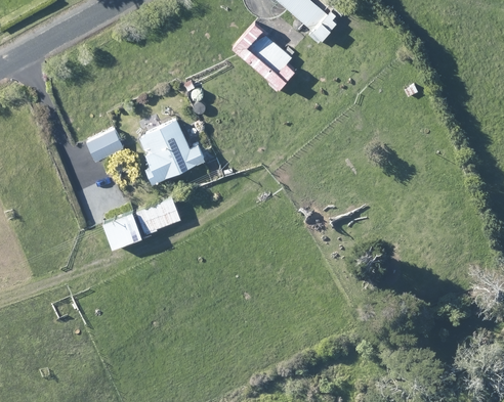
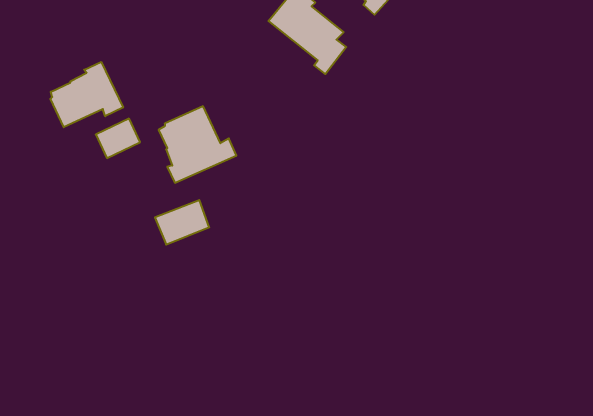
building: none -> [50,62,123,127]
building: [102,213,141,249] -> none

